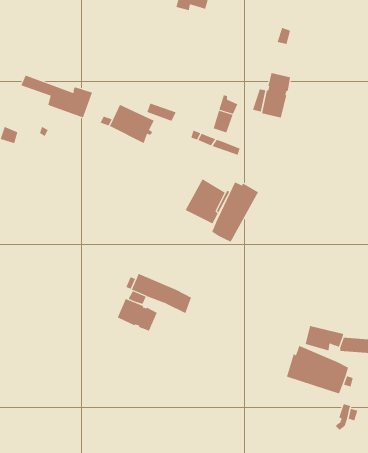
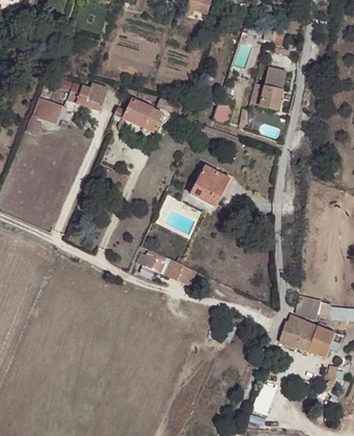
building: none -> [32,97,63,125]
building: [212,181,259,242] -> none
building: [117,298,157,332] -> none

